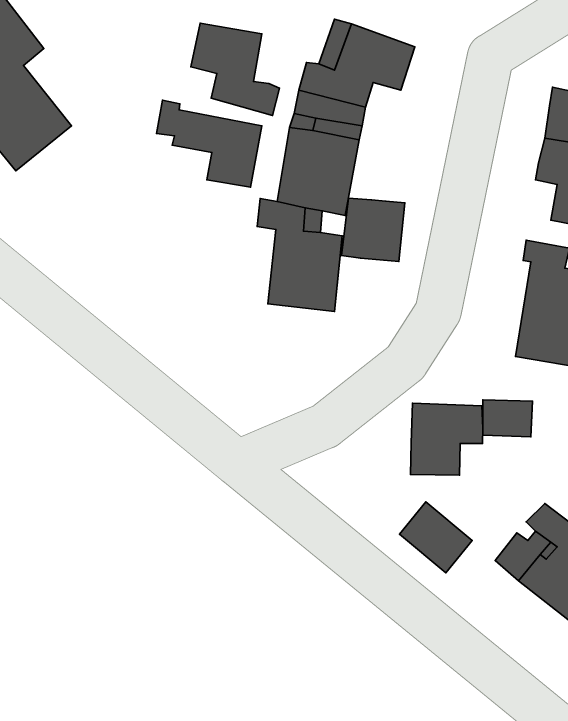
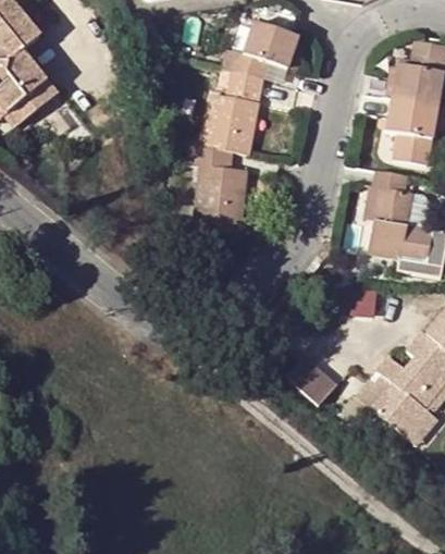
building: [191,23,279,115] -> none
building: [156,100,262,187] -> none
building: [342,198,405,262] -> none
building: [410,403,483,475] -> none

